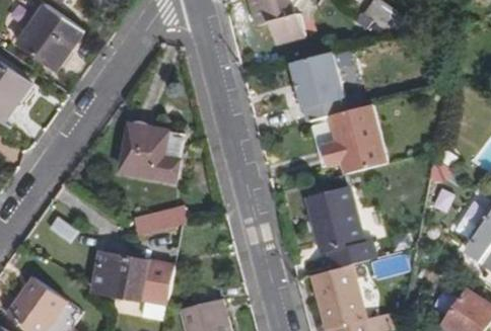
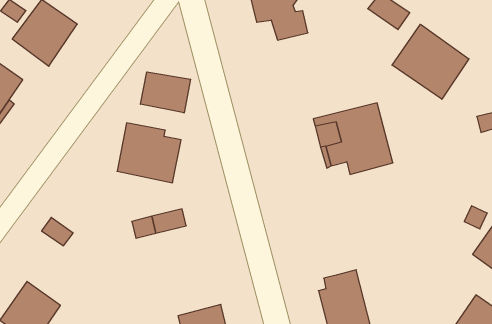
building: none -> [392,24,469,99]
building: [291,52,345,108] -> none
building: none -> [140,72,191,113]
building: [305,186,376,270] -> none
building: [93,253,172,302] -> none

